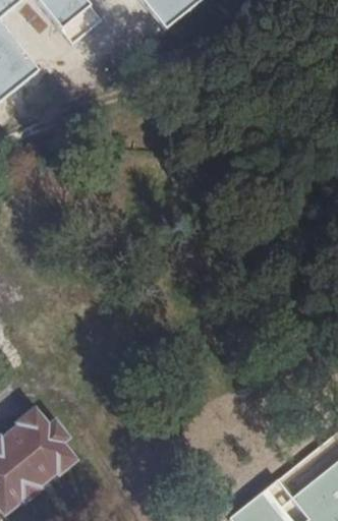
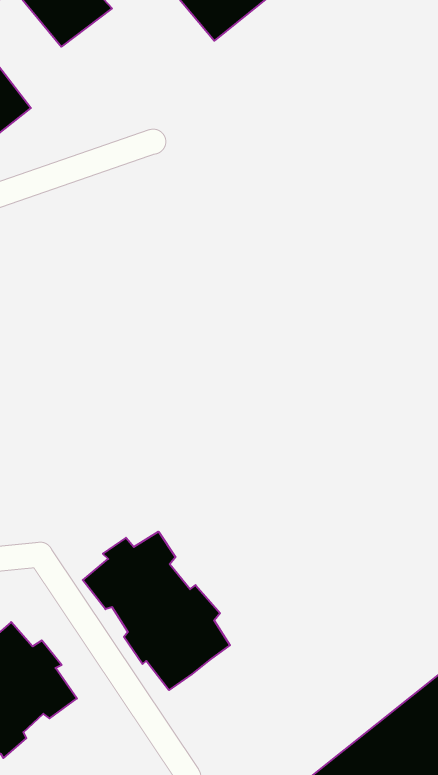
building: none -> [83,532,230,690]

